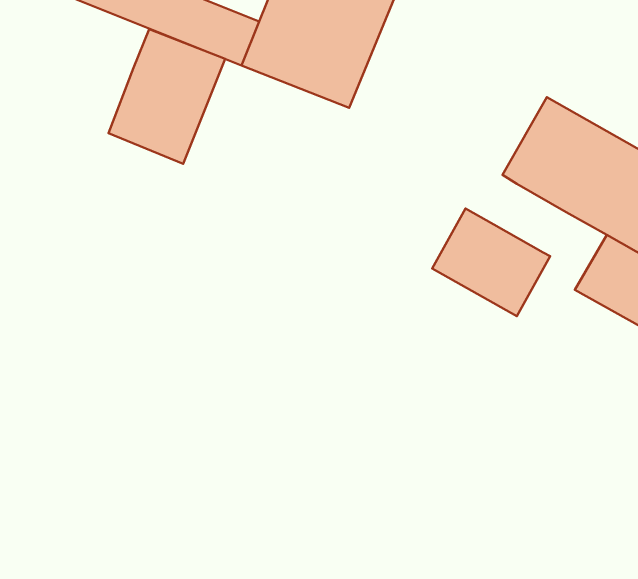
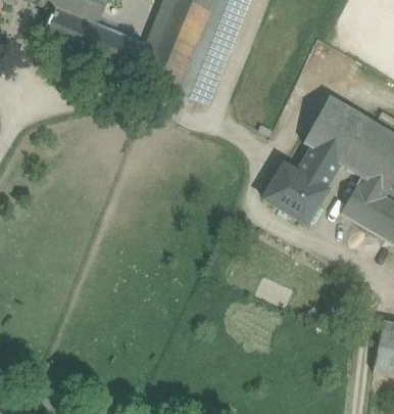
building: [108,29,225,164] -> none
building: none -> [294,147,336,187]

